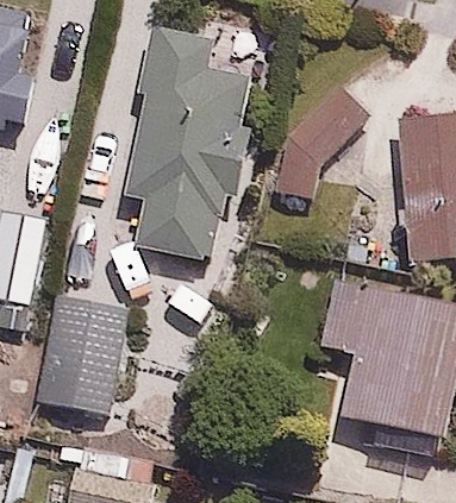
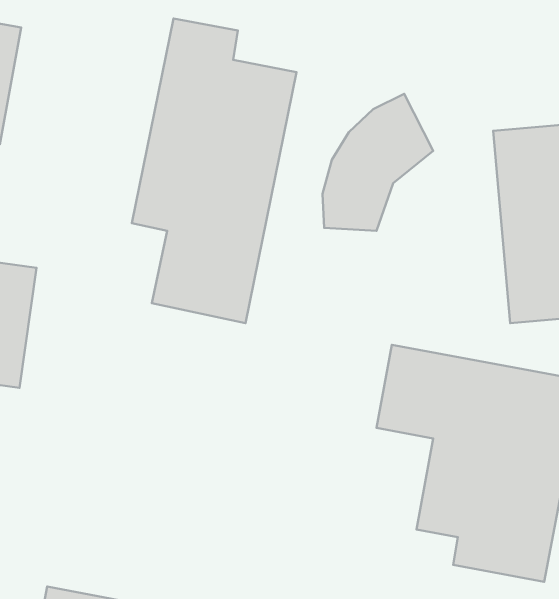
building: [40,293,121,410] -> none

